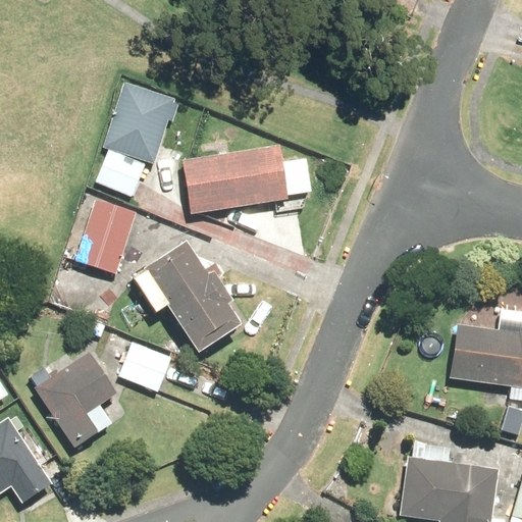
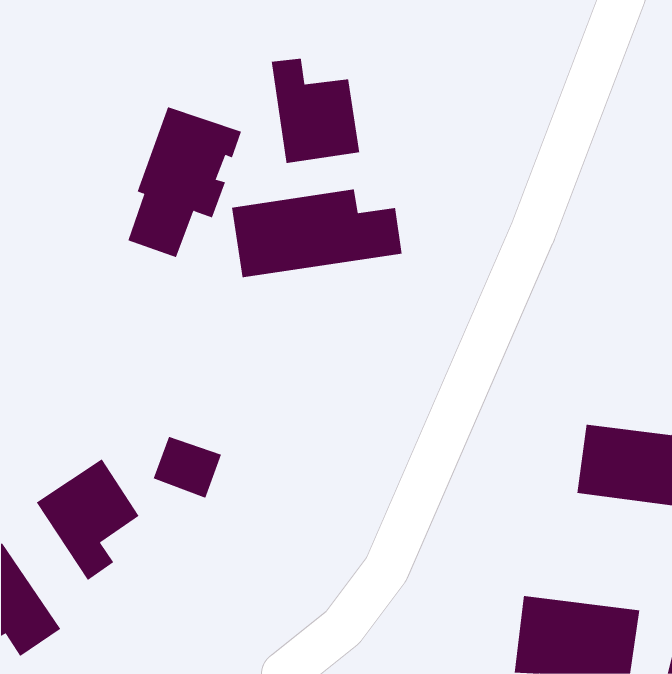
building: none -> [271,58,360,164]
building: [82,198,147,275] -> none
building: [138,245,233,356] -> none

